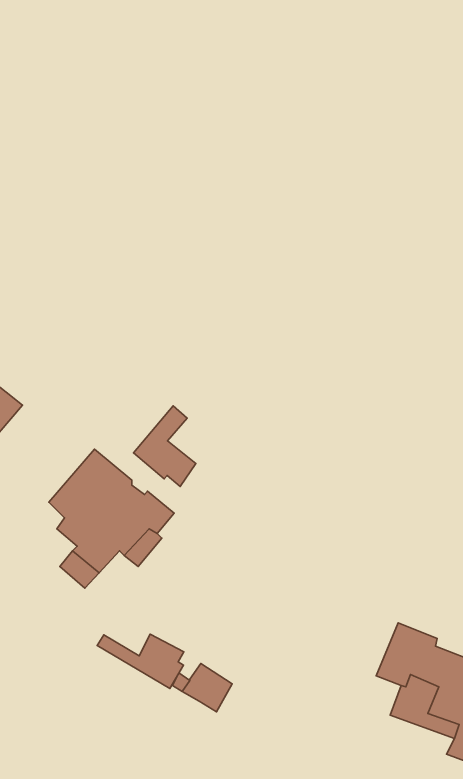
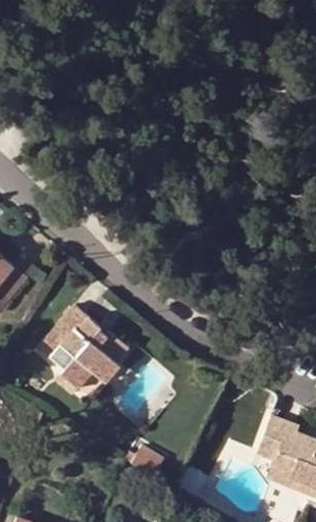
building: [133,406,196,486] -> none
building: [97,634,184,688] -> none

